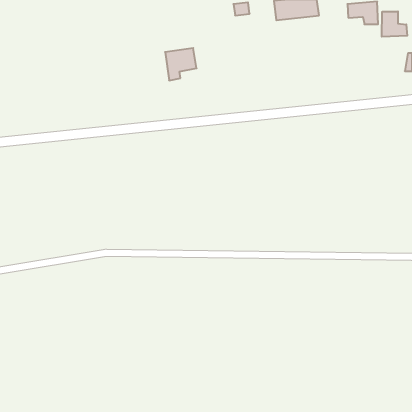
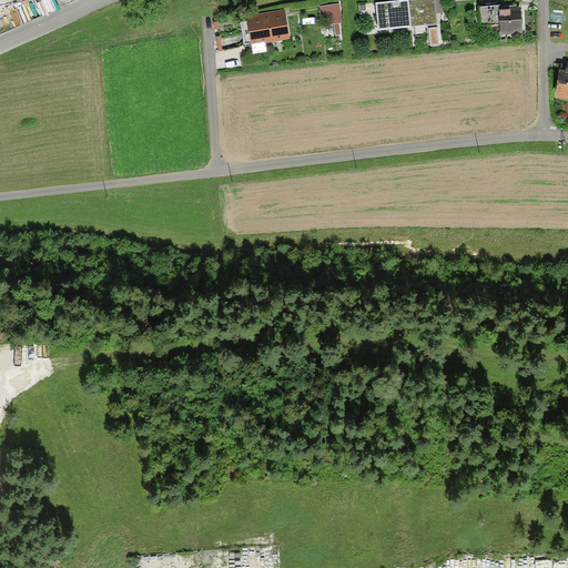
building: [382,11,407,37] -> none
building: [165,48,197,80] -> [246,8,290,52]

